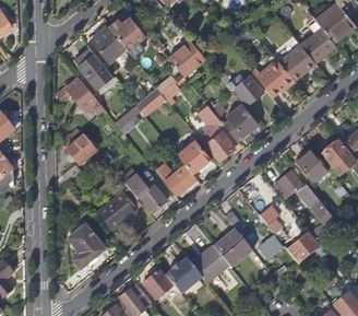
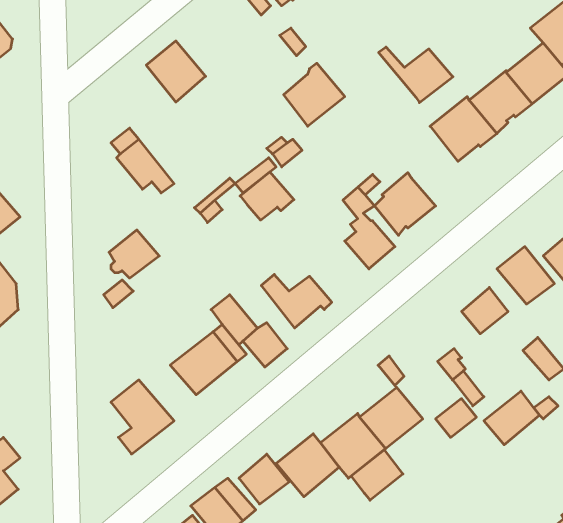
building: [108,16,145,57] -> none
building: [74,47,112,87] -> none
building: [220,73,264,106] -> [379,47,453,103]
building: [180,144,212,173] -> [240,172,294,220]
building: none -> [351,450,403,500]

